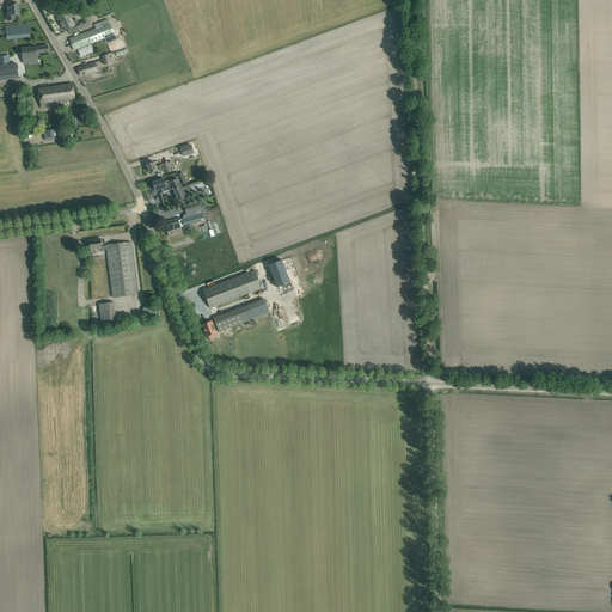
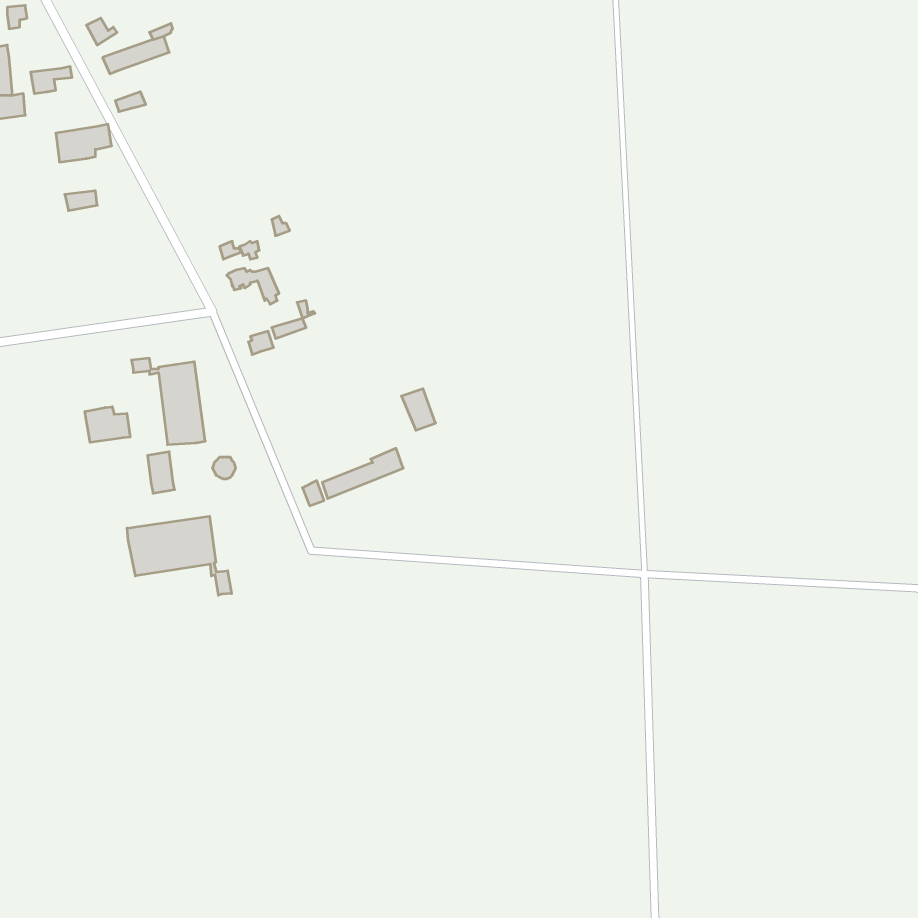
building: [202,269,261,307] -> none
building: none -> [85,407,130,442]
building: none -> [127,516,232,595]

